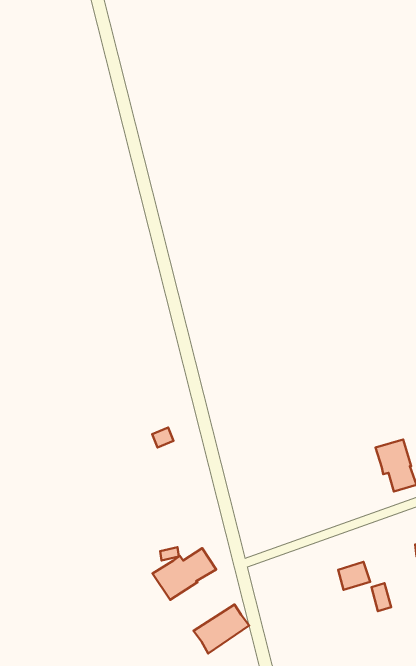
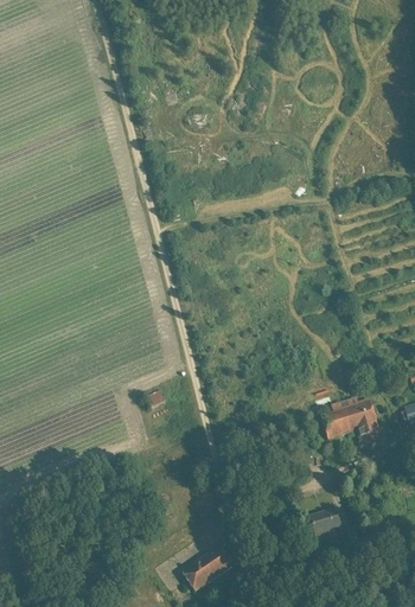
building: none -> [319,407,351,437]
building: [152,548,216,600] -> none

